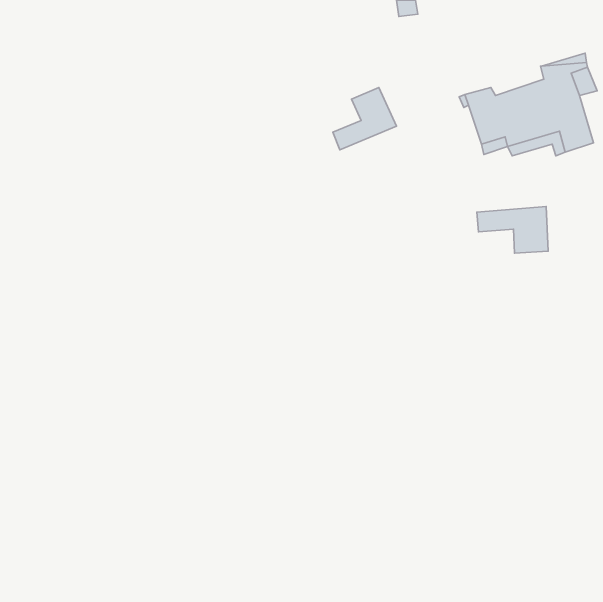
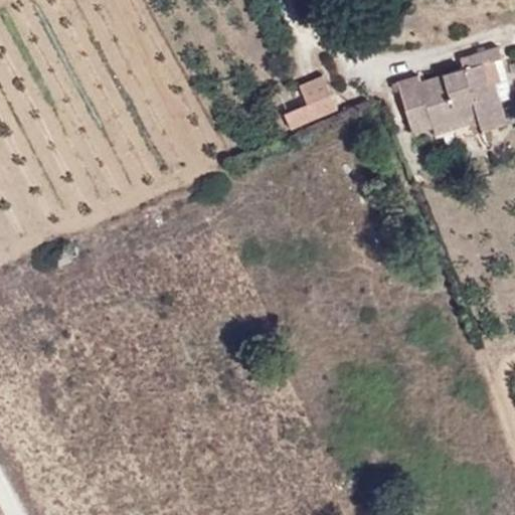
building: [477,207,548,253] -> none

